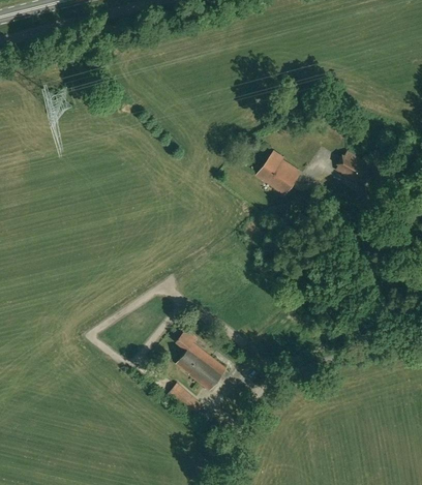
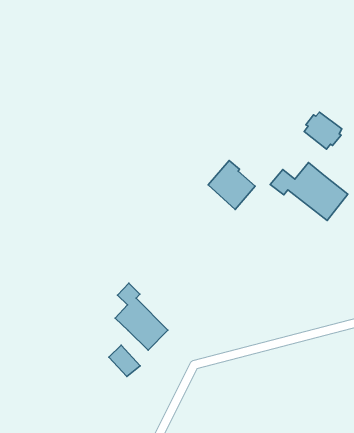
building: [257,150,301,195] -> [208,160,255,210]
building: none -> [270,163,348,220]

